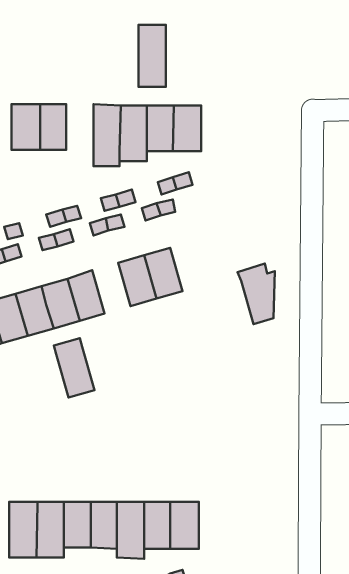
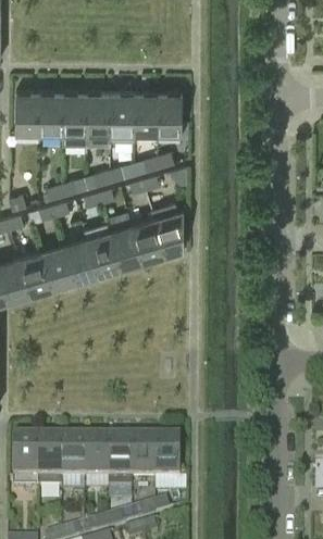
building: [139,25,166,87] -> [63,92,87,147]
building: [237,264,275,324] -> [151,203,184,256]
building: [54,338,95,397] -> [84,224,120,276]

